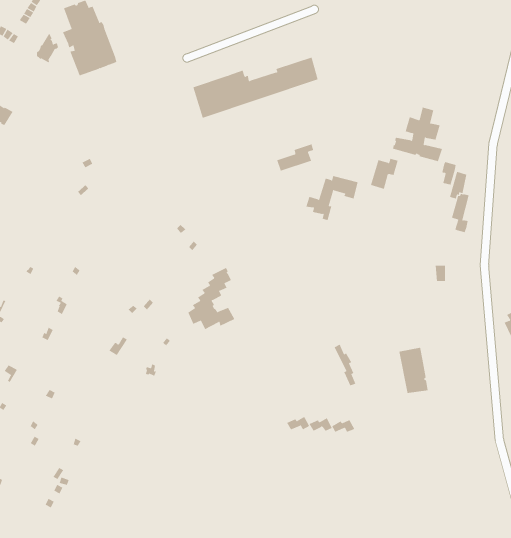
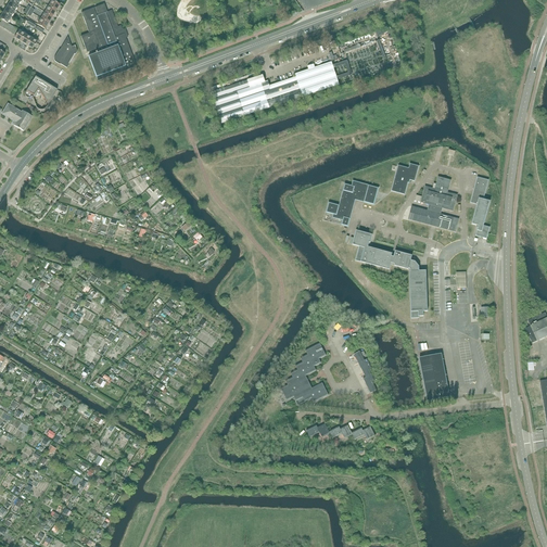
building: none -> [25,76,56,110]
building: [392,107,443,162] -> [408,176,459,231]
building: [276,143,314,171] -> none
building: none -> [353,229,428,318]
building: [188,267,235,330] -> [281,342,329,405]

